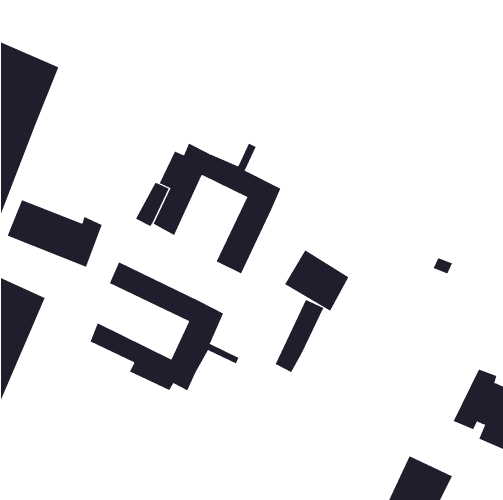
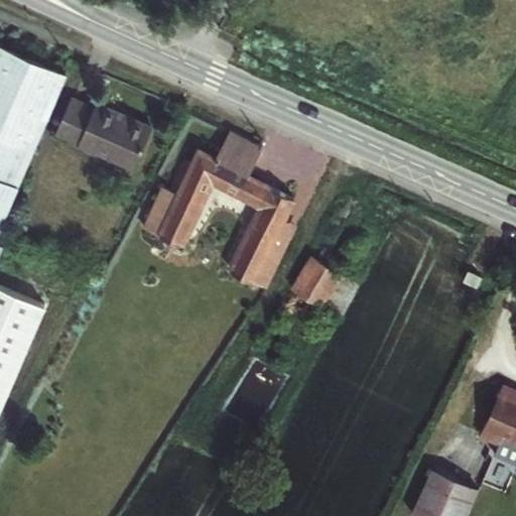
building: none -> [216,138,255,173]
building: [7,199,102,267] -> [49,101,147,170]
building: [90,262,239,391] -> none
building: [275,299,324,373] -> [248,218,298,293]

